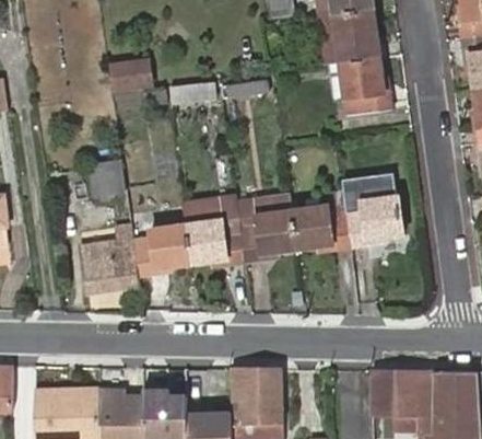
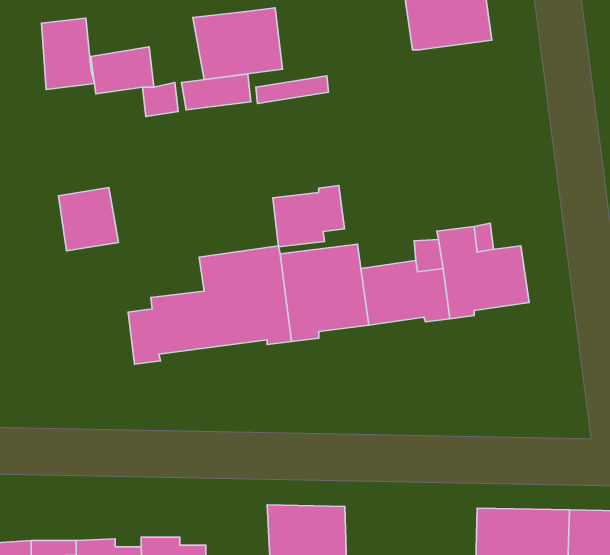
building: none -> [193,8,283,80]
building: none -> [41,18,94,89]
building: [330,56,391,114] -> none
building: none -> [273,186,345,247]
building: [82,226,140,296] -> none

